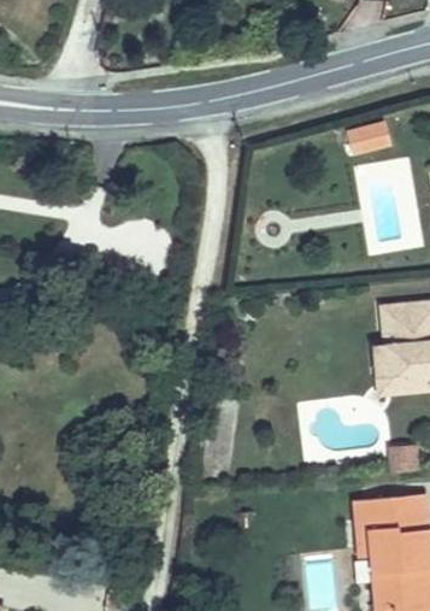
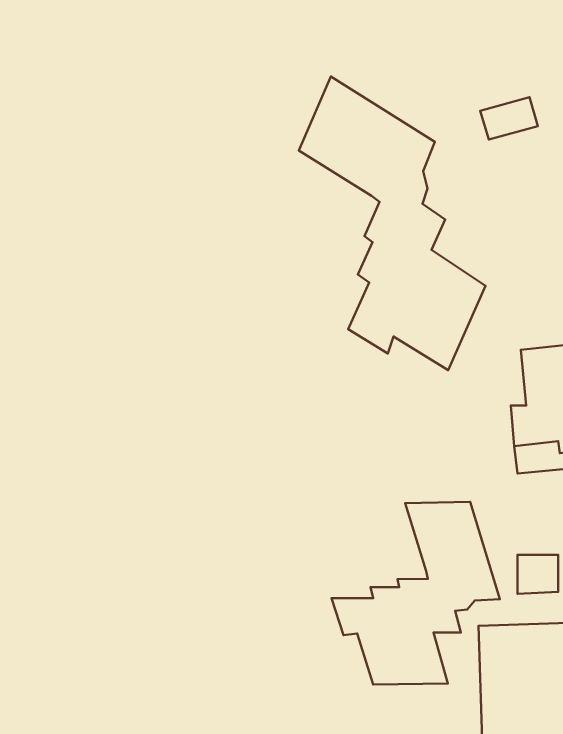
building: none -> [299,76,485,370]
building: none -> [332,502,500,684]

